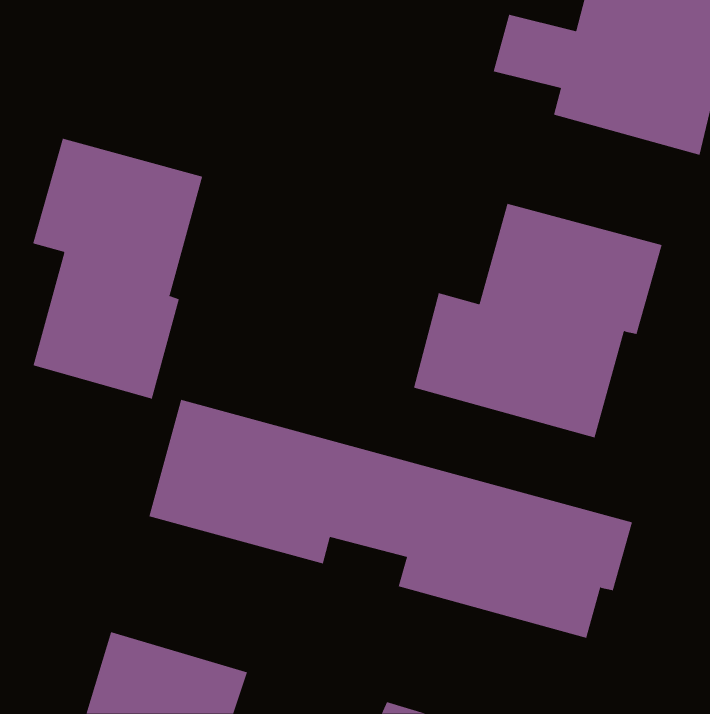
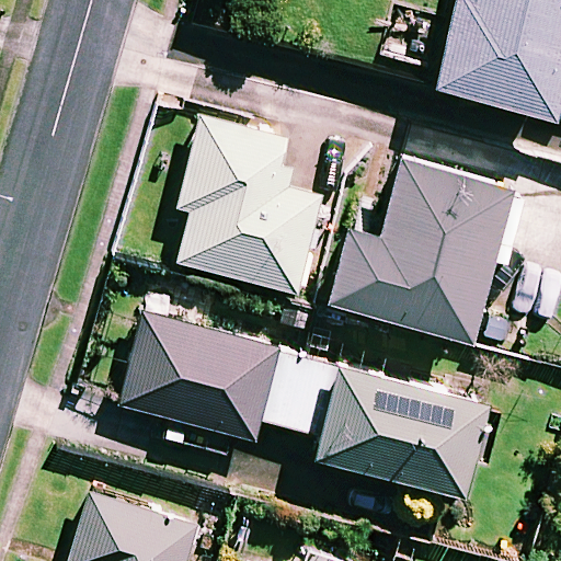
building: [32,138,203,400] -> none
building: none -> [182,117,323,294]

